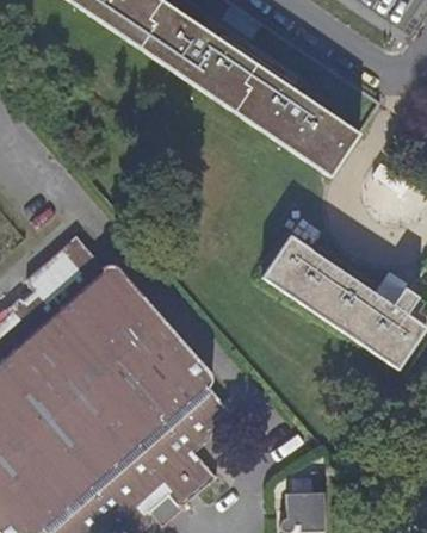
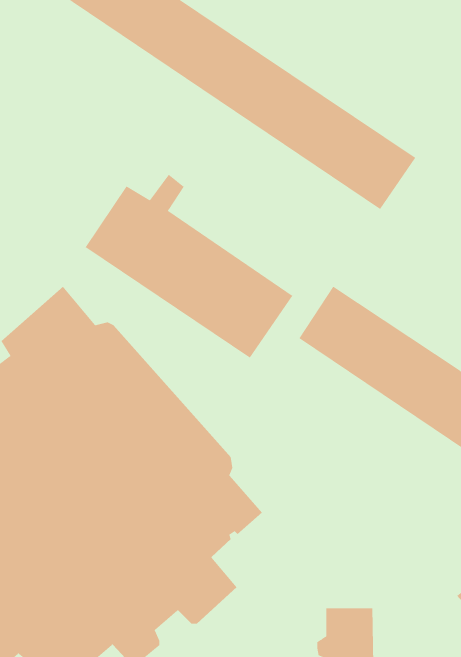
building: none -> [85,174,293,359]

